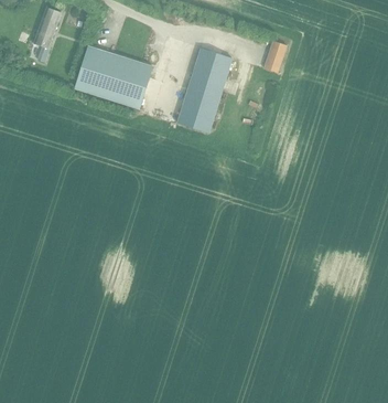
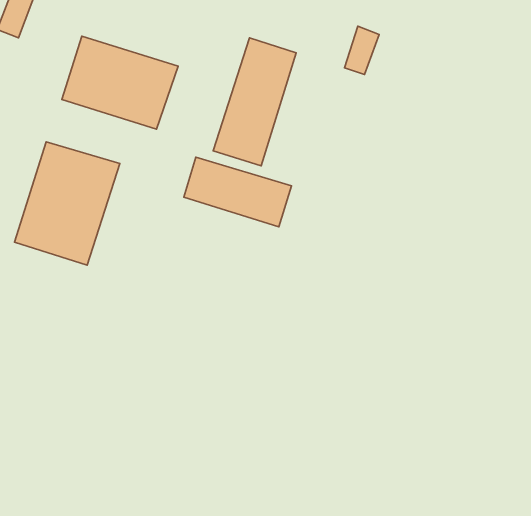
building: none -> [14,142,120,265]
building: none -> [184,157,291,227]

